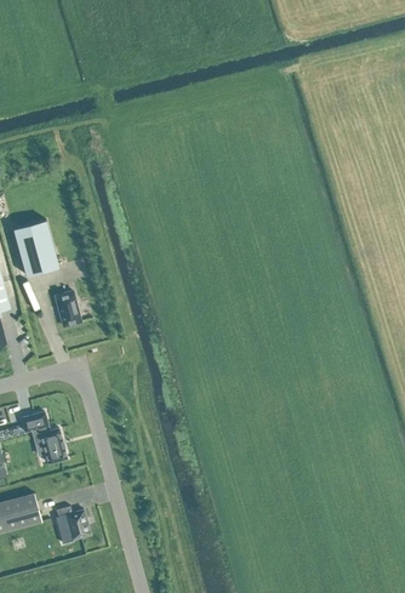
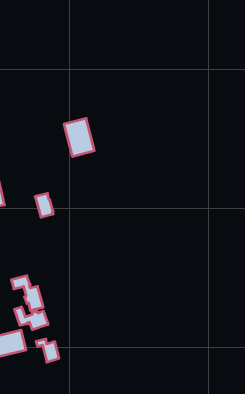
building: [12,219,57,275] -> [64,118,94,156]
building: none -> [15,307,48,330]

